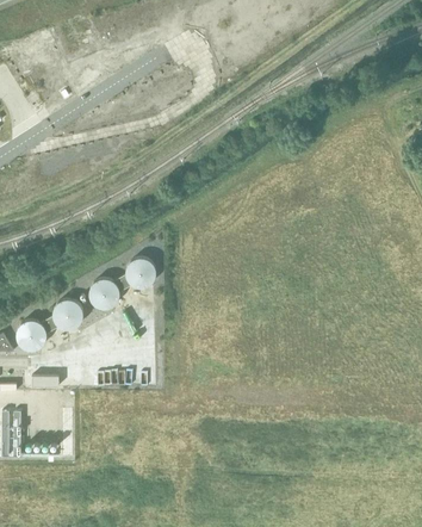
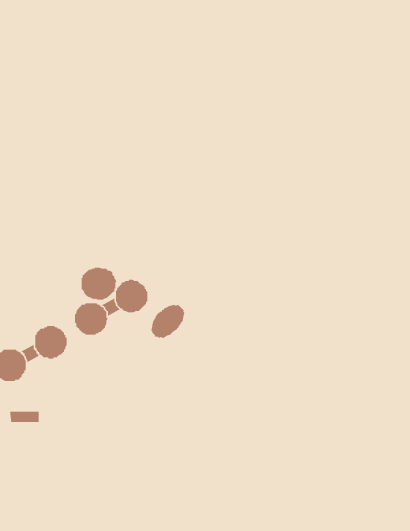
building: none -> [81,267,117,300]
building: none -> [150,304,185,339]

